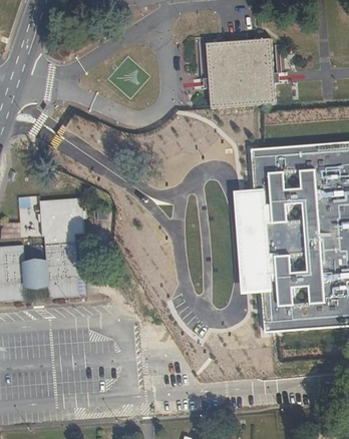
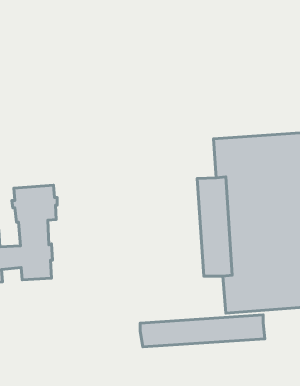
building: [207,41,275,105] -> none
building: none -> [140,315,265,347]

